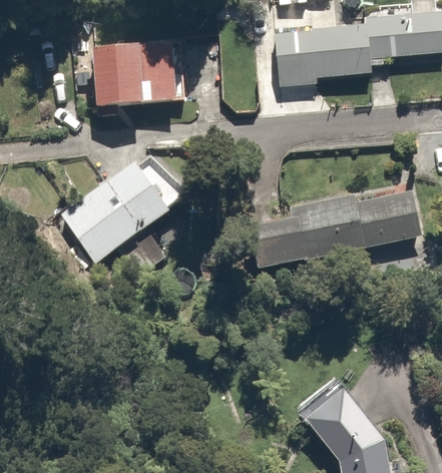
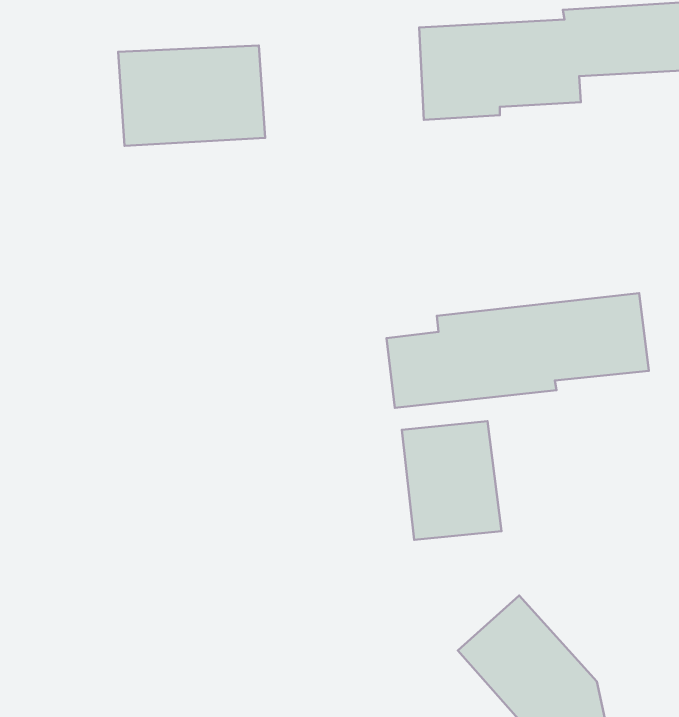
building: [60,156,167,265] -> none
building: none -> [402,421,501,540]

